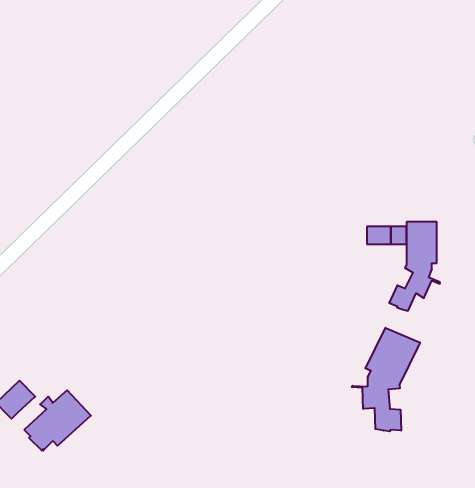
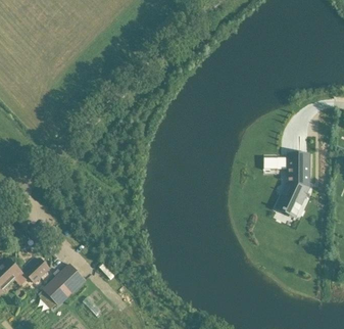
building: [352,328,420,431] -> none

